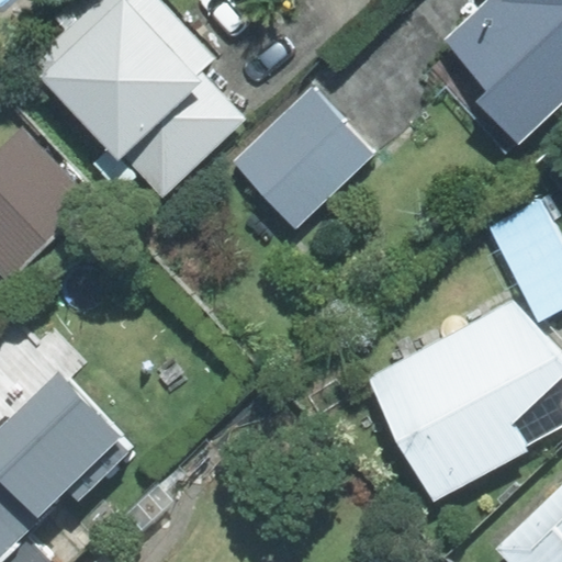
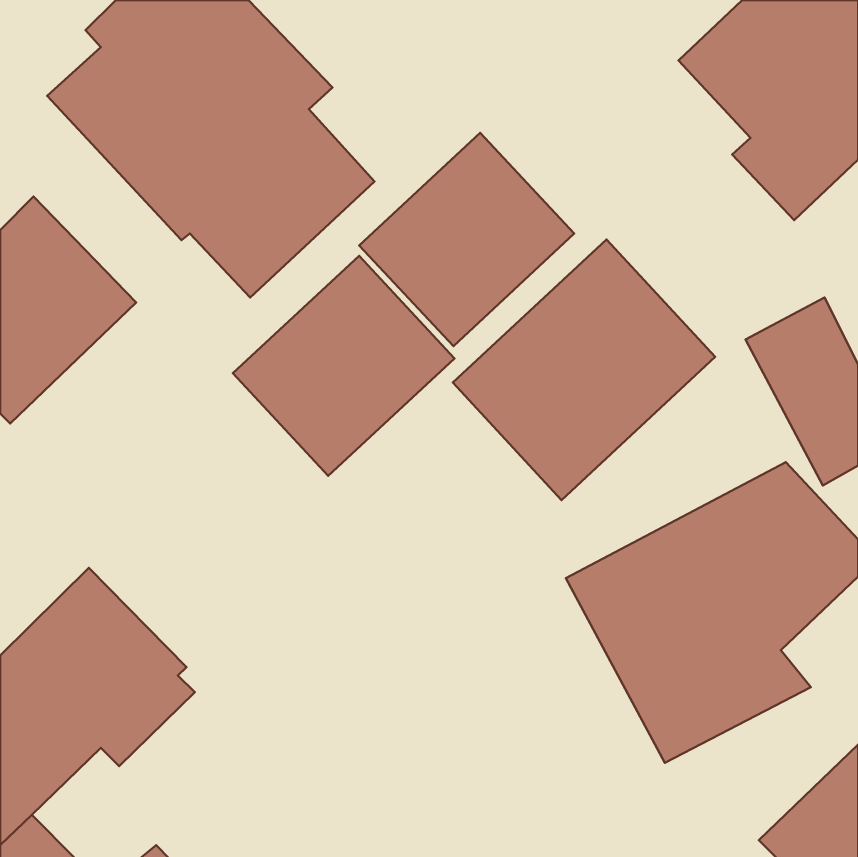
building: none -> [453,239,715,500]
building: none -> [233,256,454,476]

